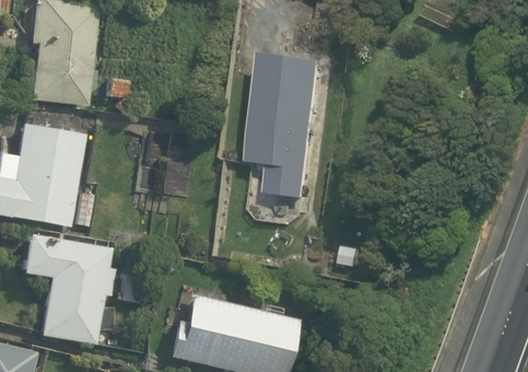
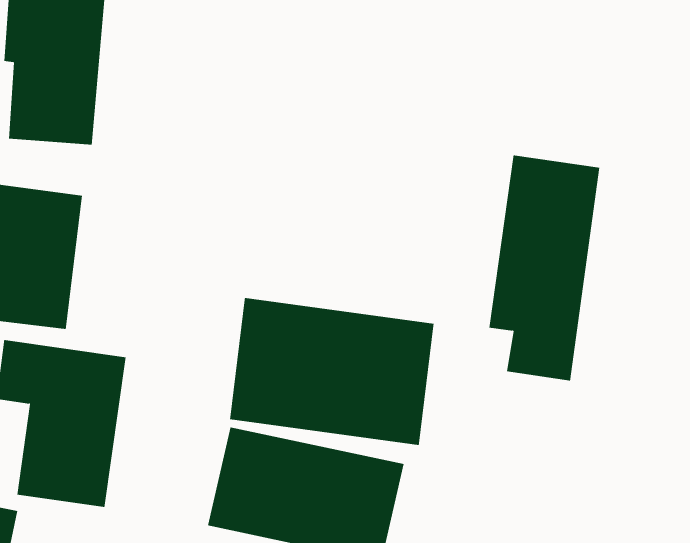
building: [256,51,331,205] -> [488,155,600,381]
building: none -> [230,297,434,446]

